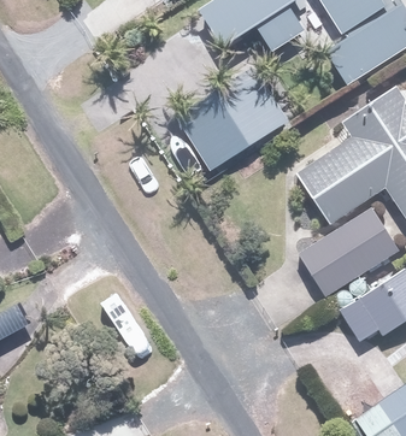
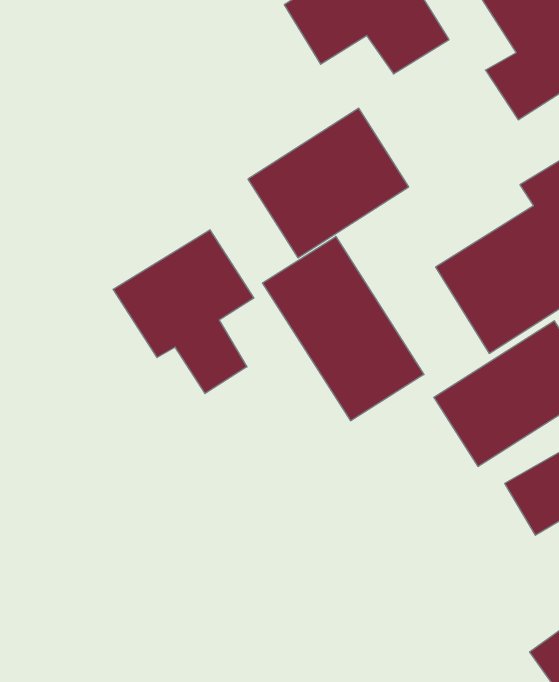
building: none -> [113,230,254,394]
building: none -> [263,236,424,421]

